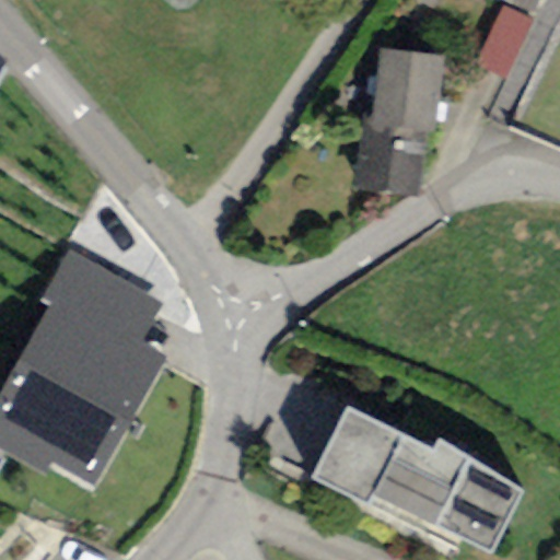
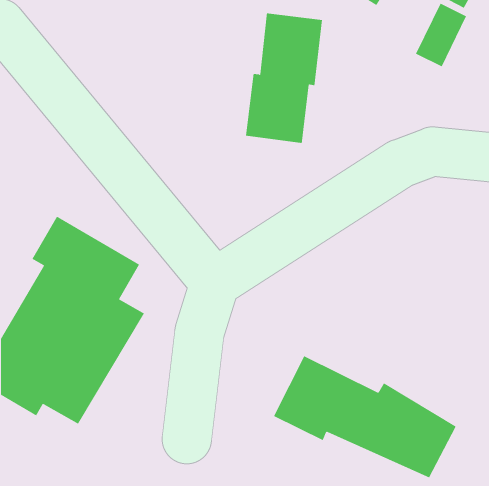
building: [354,46,443,195] -> [245,13,323,143]

